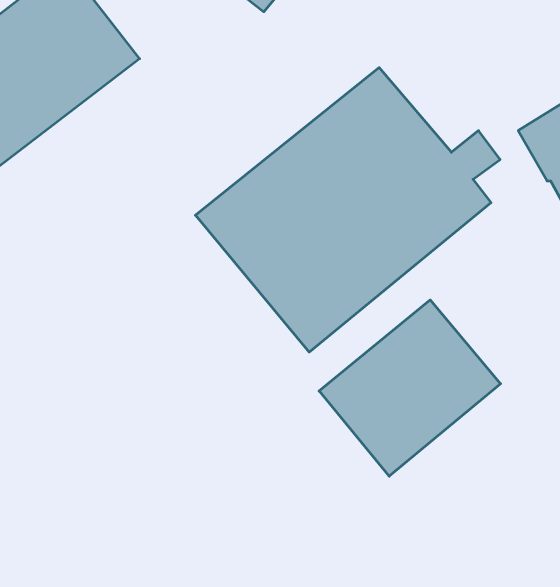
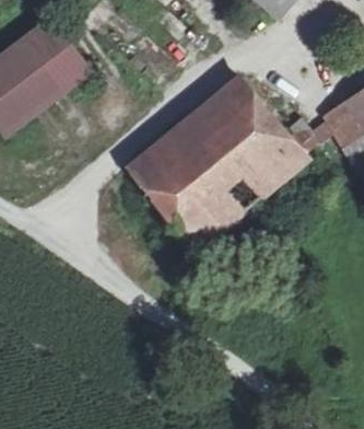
building: [319,300,501,476] -> none

